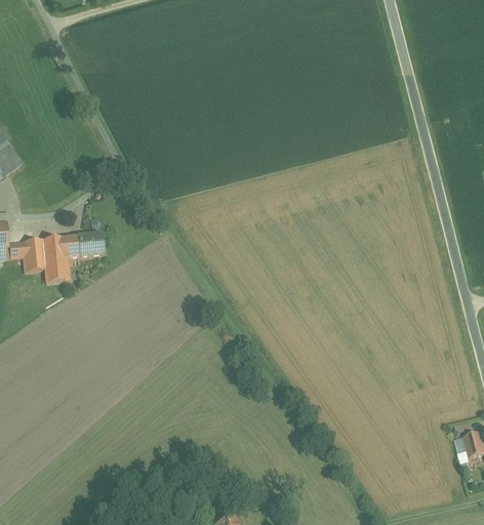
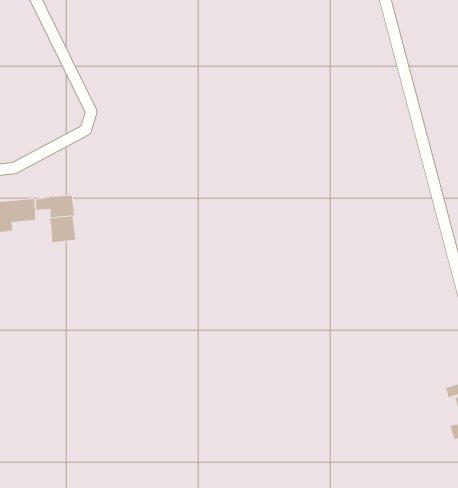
building: [43,257,69,283] -> [49,216,76,243]

